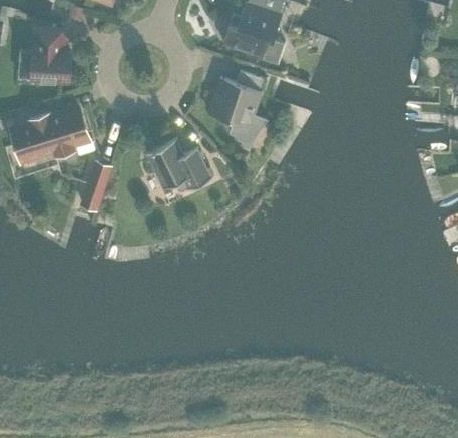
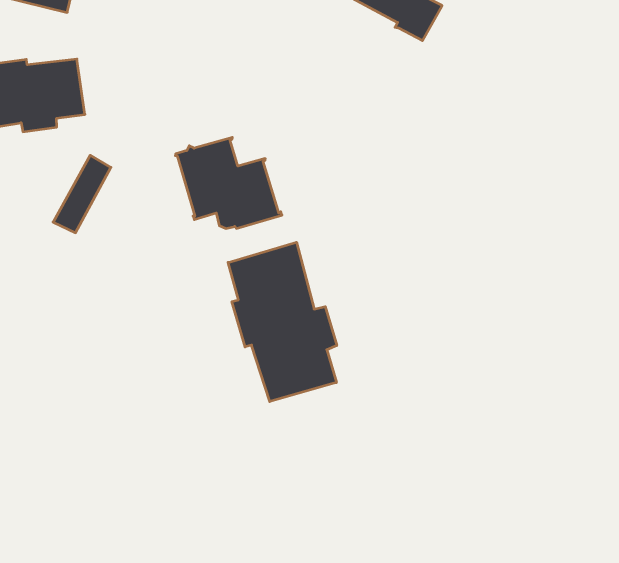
building: [207,71,267,146] -> none
building: none -> [228,242,337,402]

